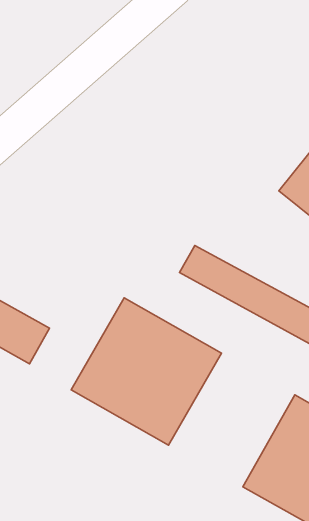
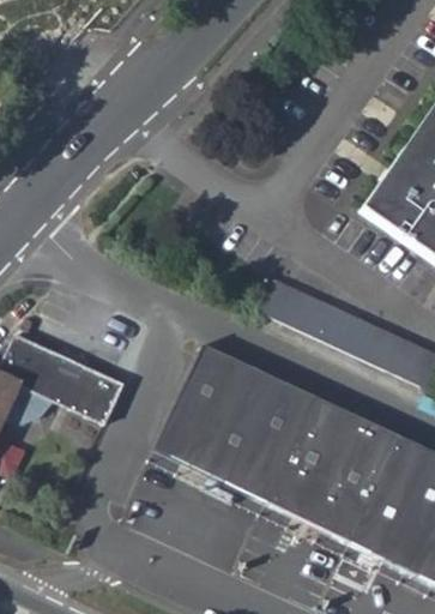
building: none -> [265,397,399,542]

